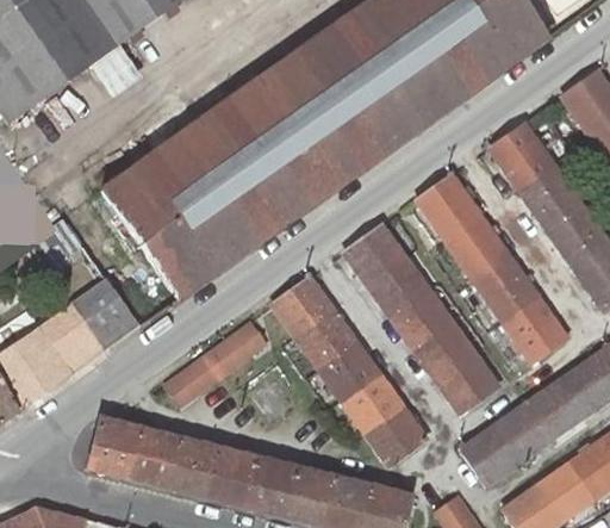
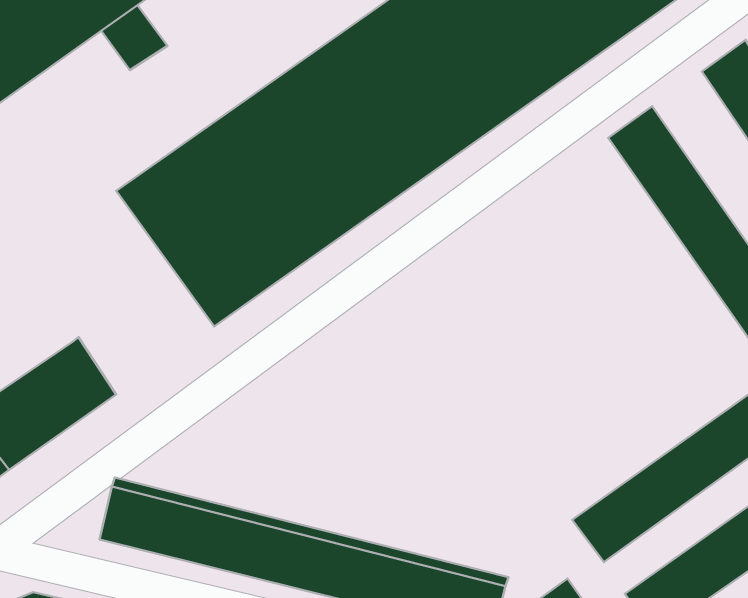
building: [418,175,565,362] -> none
building: [346,226,497,414] -> none
building: [274,278,425,465] -> none
building: [71,281,137,350] -> none
building: [167,322,266,404] -> none

